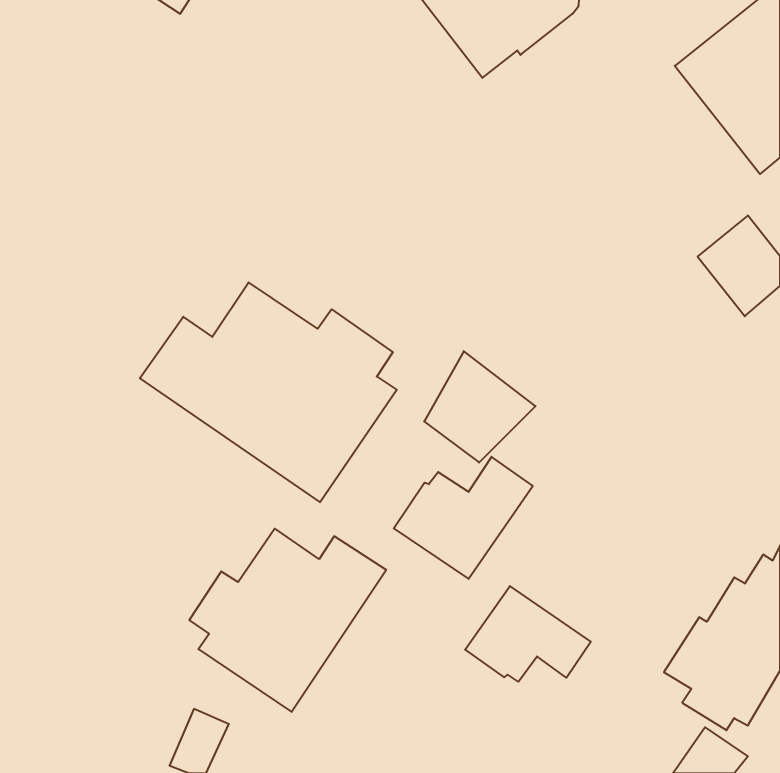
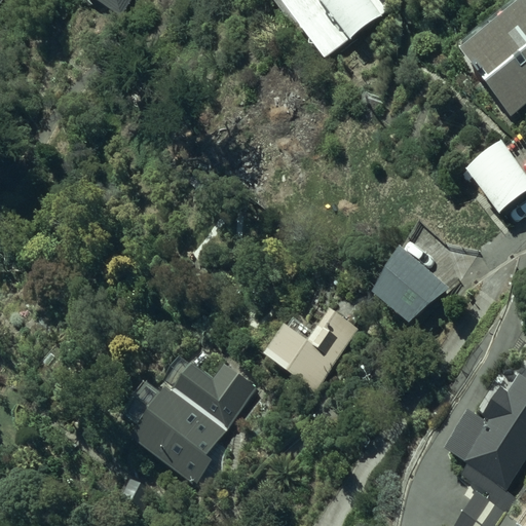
building: [140,282,397,502] -> none
building: [424,351,536,463] -> [376,250,451,325]
building: [465,586,591,682] -> none

